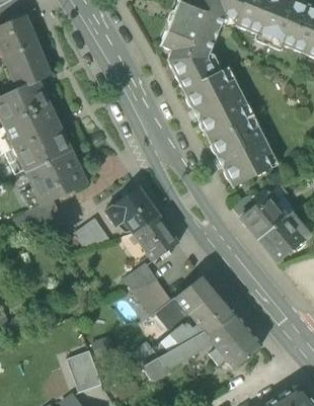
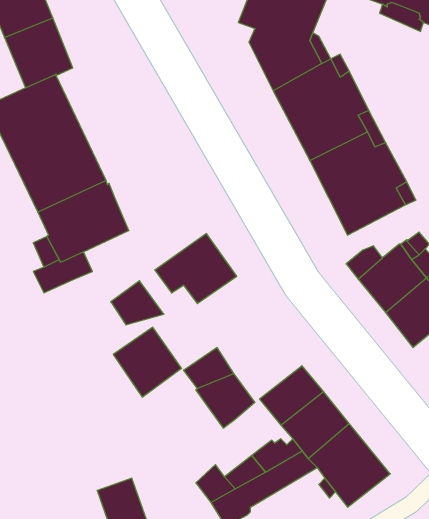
building: [133,215,178,261] -> [113,327,182,397]
building: [158,297,197,330] -> none

